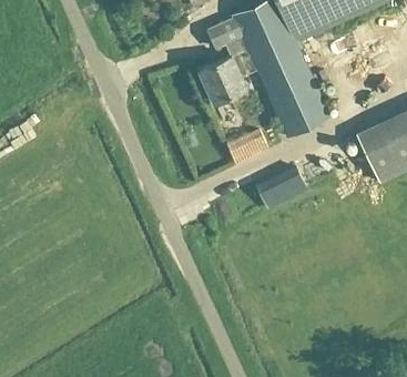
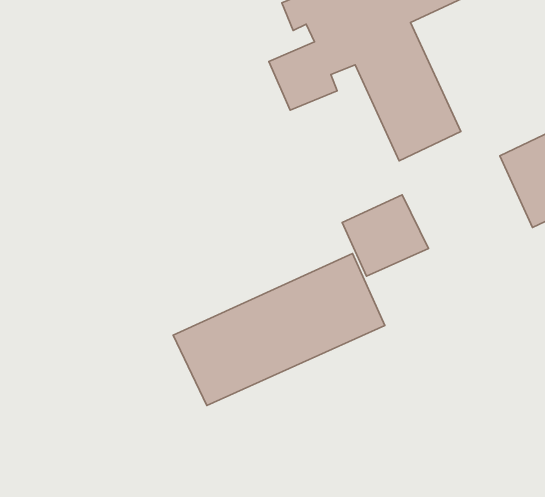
building: [228,130,268,162] -> none
building: none -> [173,254,385,406]

